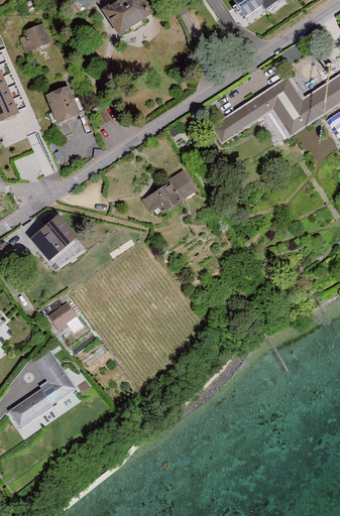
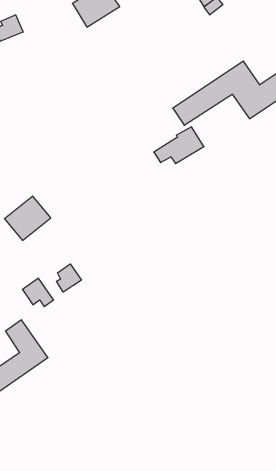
building: [46,85,83,137] -> none
building: [143,170,197,210] -> [154,127,204,164]
building: none -> [56,264,81,292]

